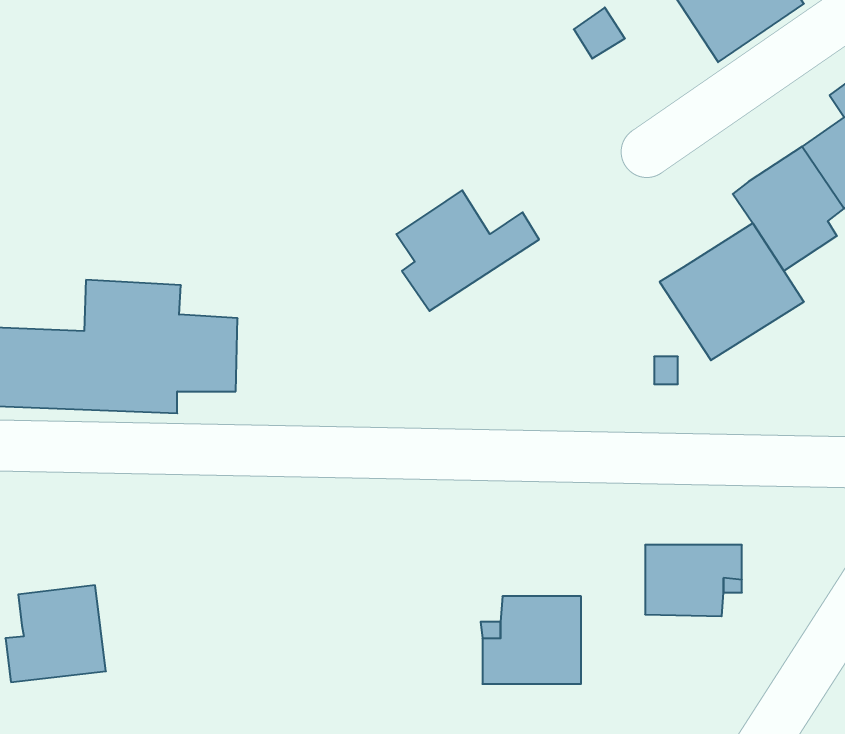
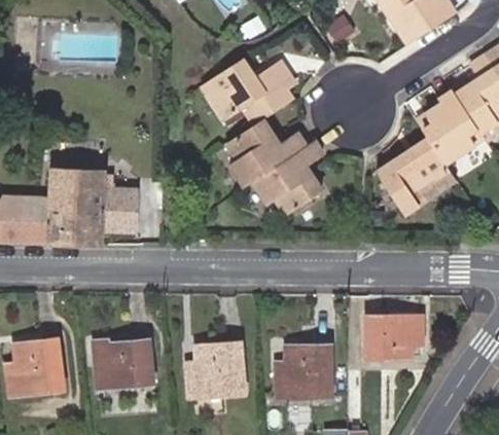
building: none -> [201,57,297,123]
building: none -> [253,140,324,214]
building: none -> [95,340,152,388]
building: none -> [186,342,243,395]

